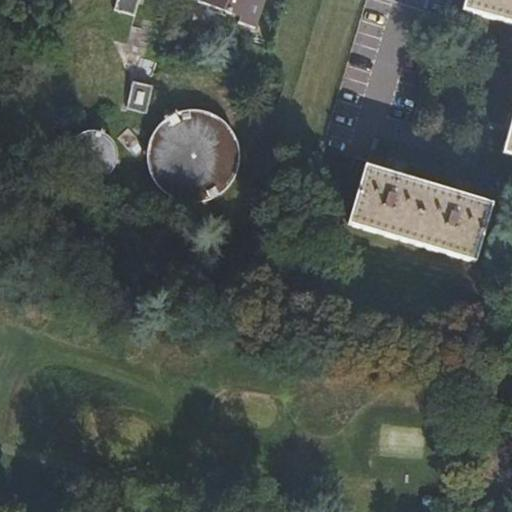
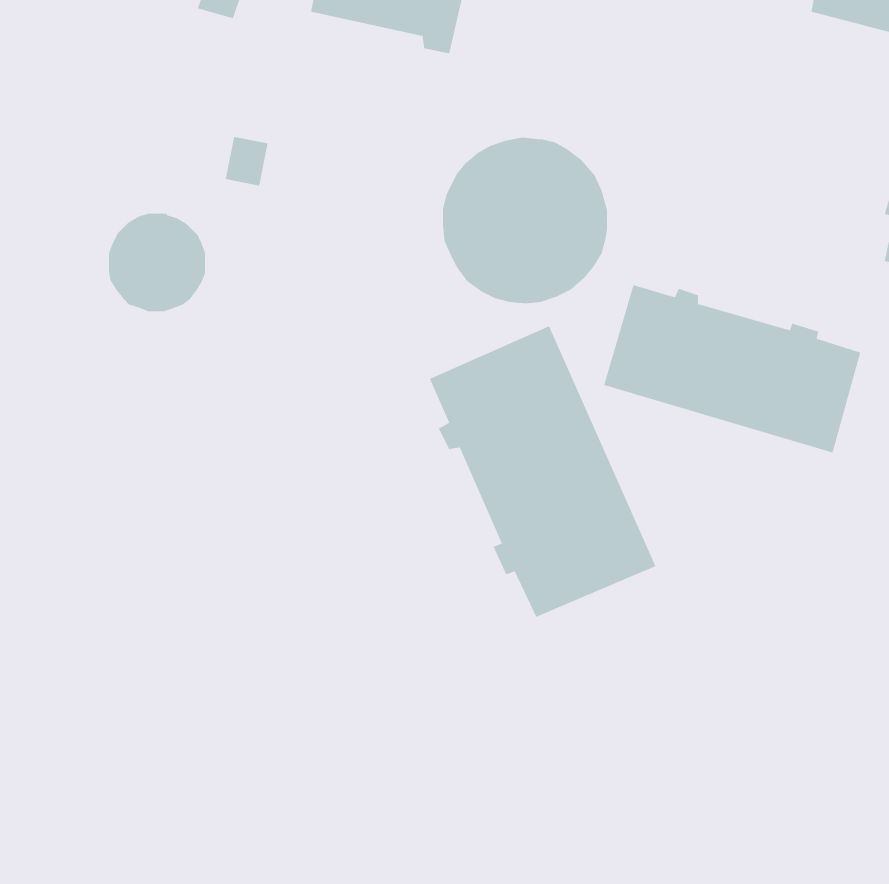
building: [145,105,240,201] -> [442,137,608,304]
building: none -> [429,325,657,618]

